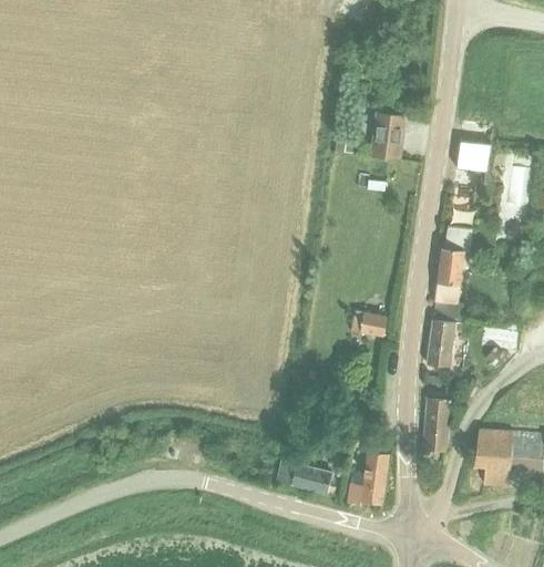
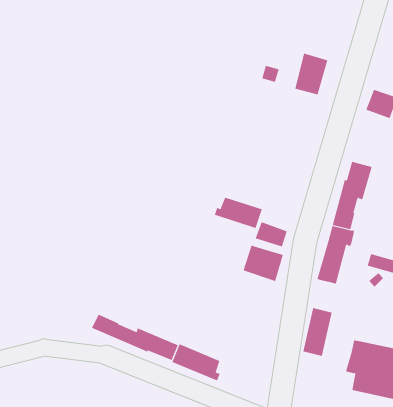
building: none -> [214,197,263,229]
building: none -> [243,245,283,282]
building: none -> [91,314,179,361]
building: [346,453,389,505] -> none

